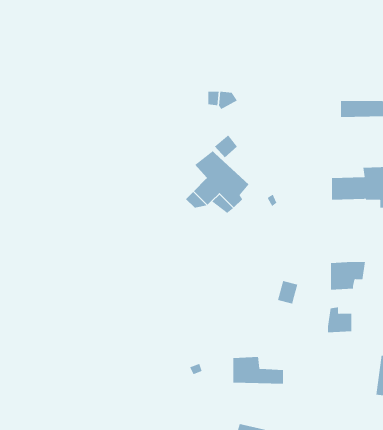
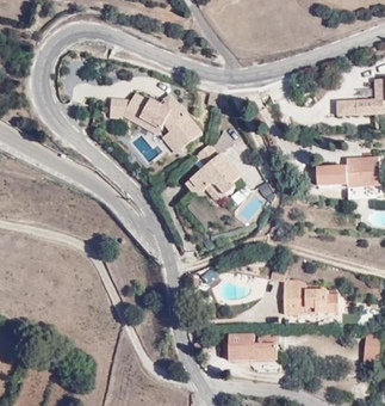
building: none -> [124,88,201,141]
building: [330,261,366,290] -> [285,288,317,314]

